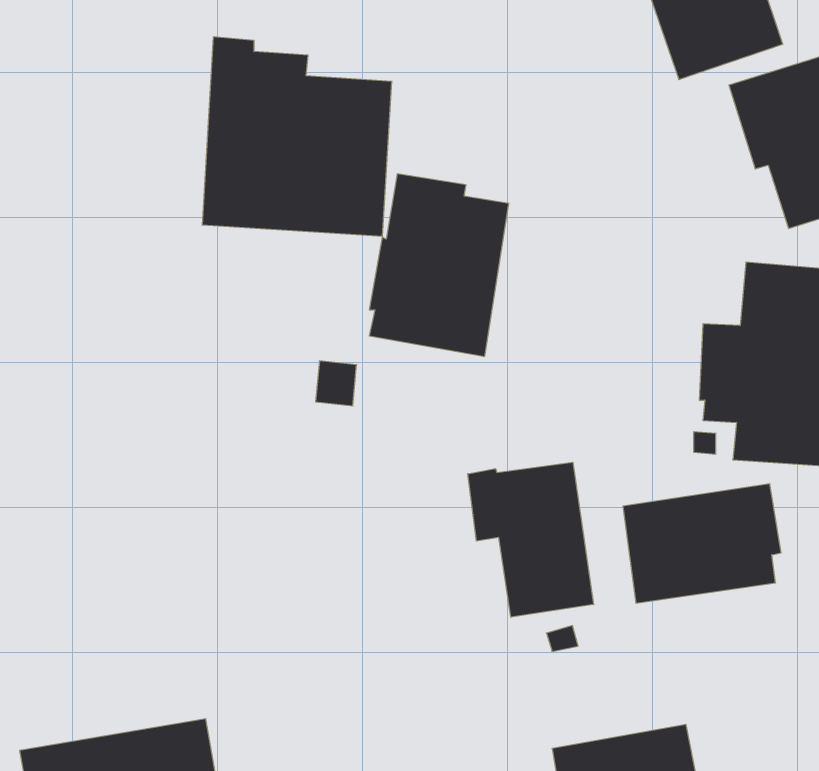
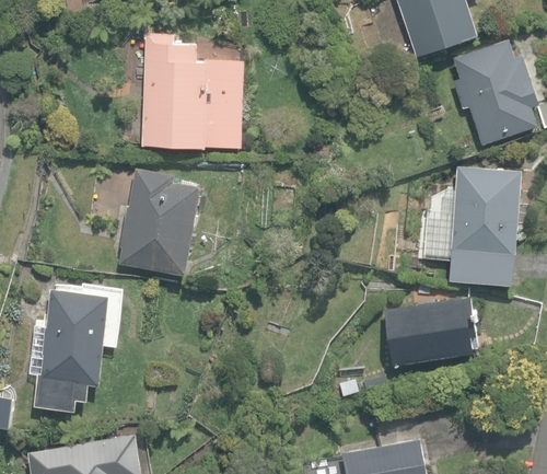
building: [369,174,509,356] -> [119,167,201,275]
building: [468,462,594,617] -> none
building: none -> [30,288,110,411]

